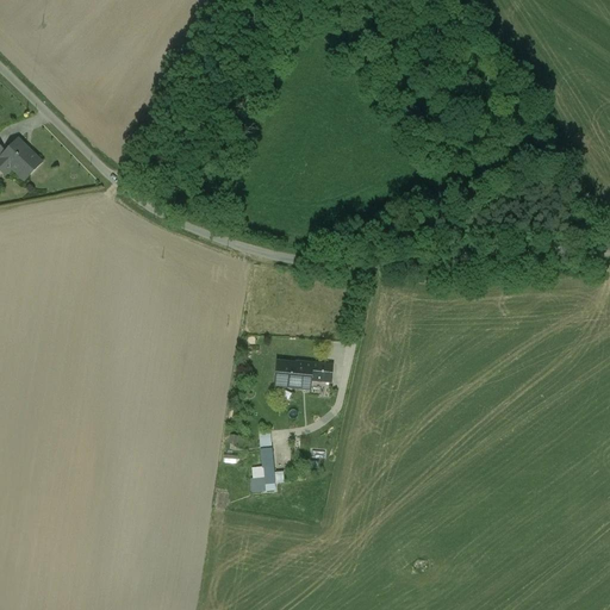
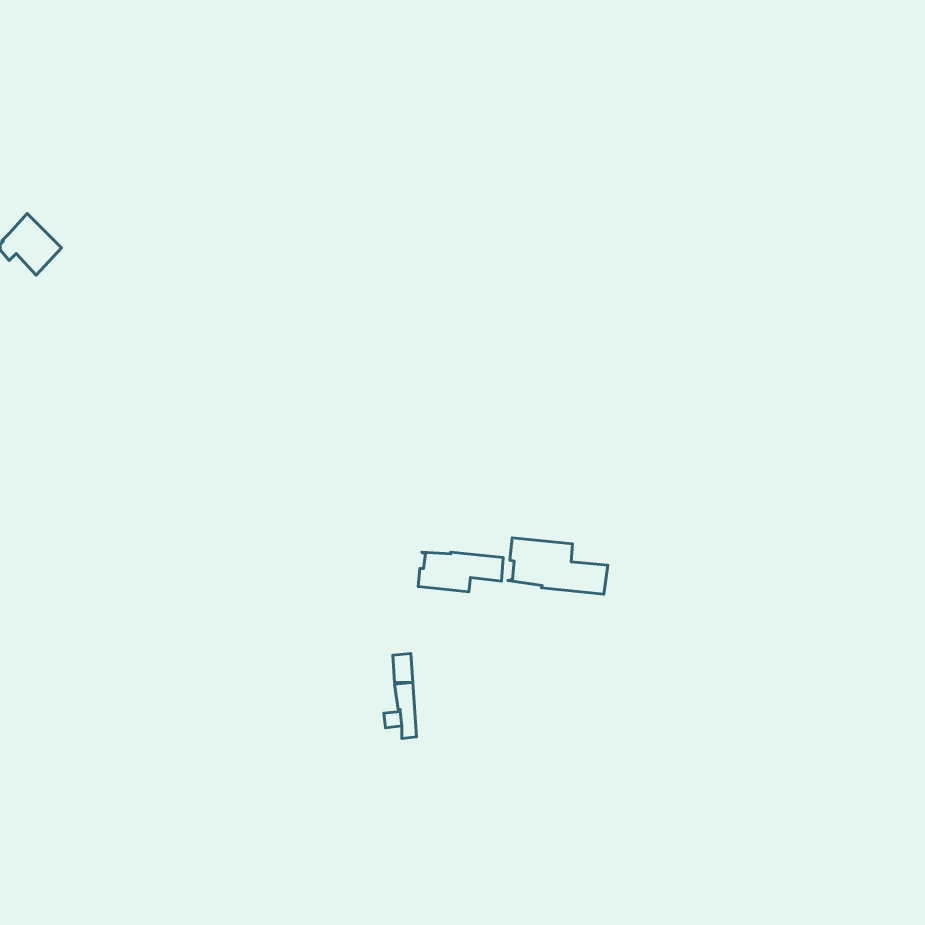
building: none -> [508,538,608,594]

